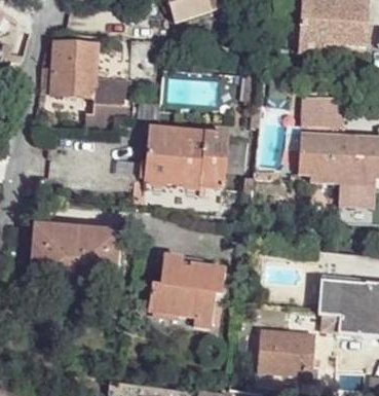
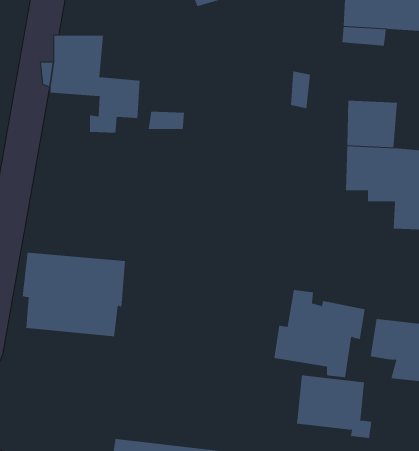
building: [153,132,232,187] -> none
building: [146,252,223,326] -> [273,290,365,378]

